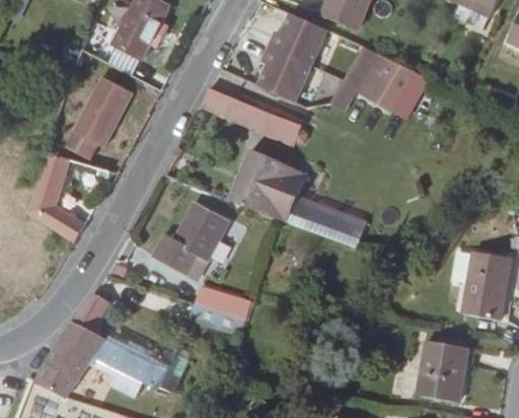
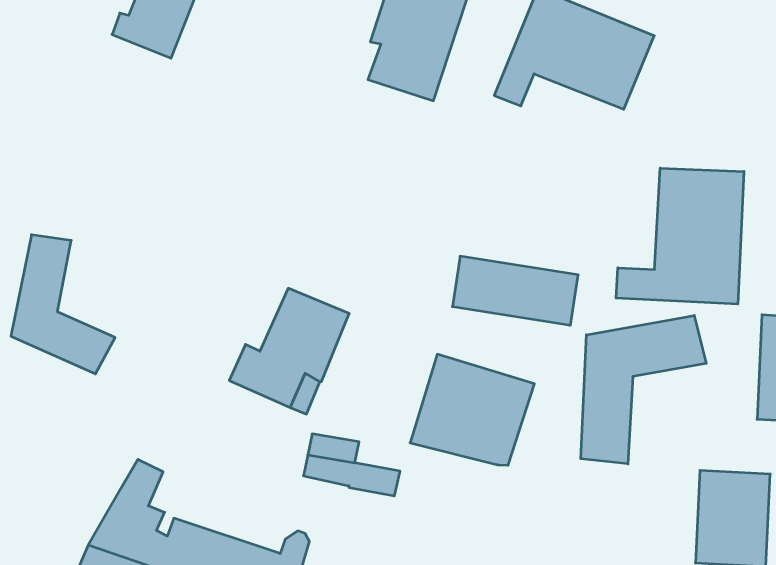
building: [65,76,132,159] -> none
building: [200,86,300,143] -> none
building: [228,149,306,220] -> [410,354,534,465]
building: none -> [616,168,744,304]
building: none -> [581,315,706,464]

